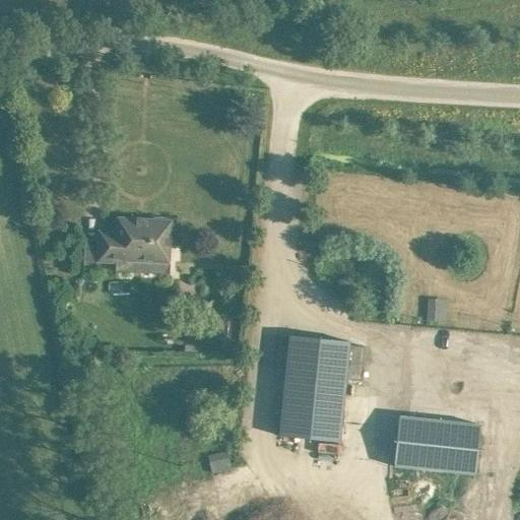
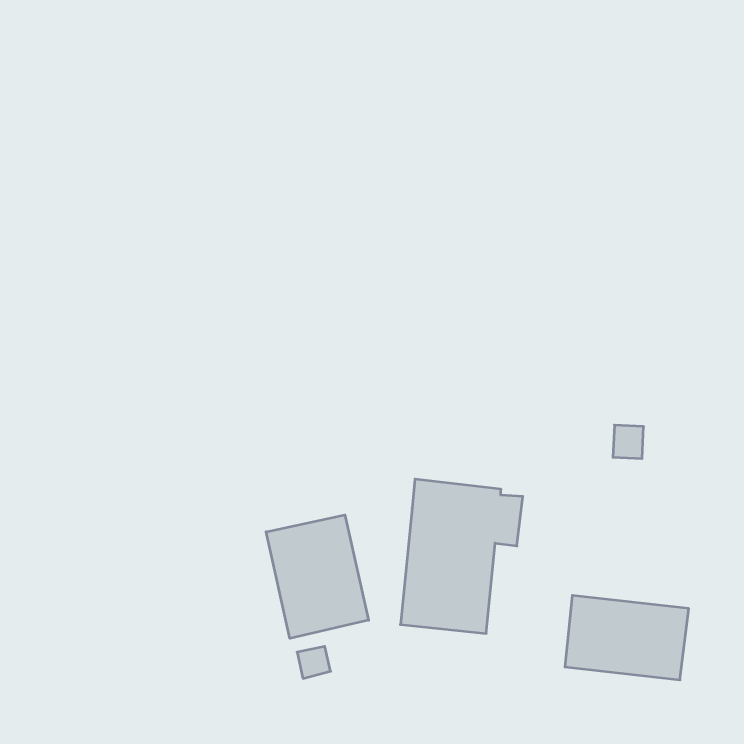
building: [99,217,170,261] -> none
building: none -> [266,515,369,638]

